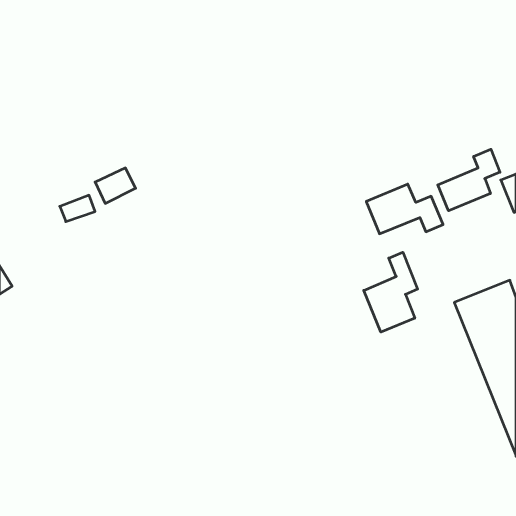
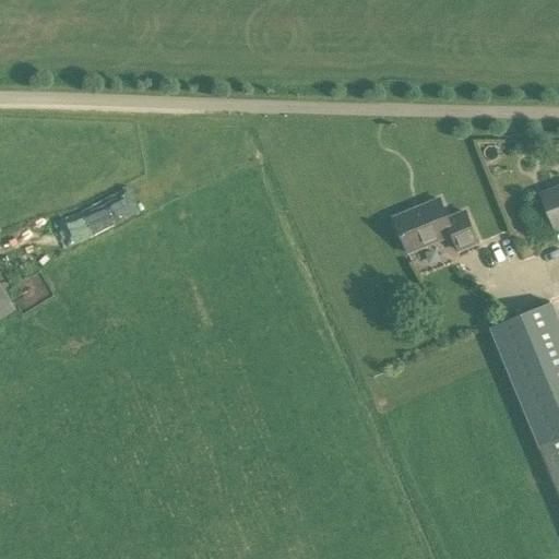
building: [438,149,500,211] -> none
building: [364,252,418,332] -> none

